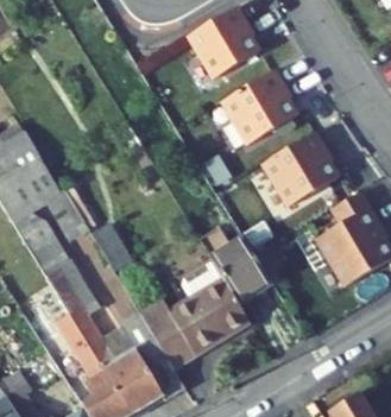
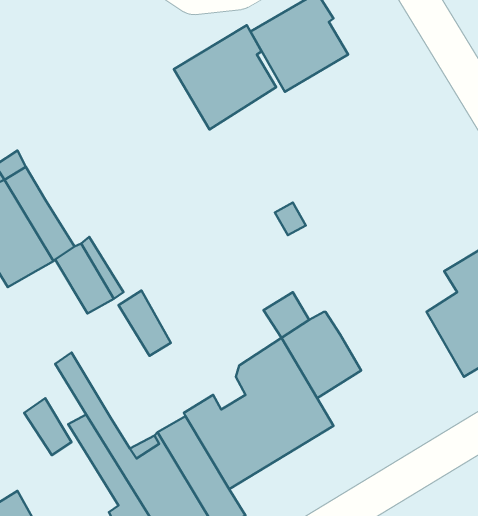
building: [222,69,297,145] -> [174,25,276,130]
building: [263,131,338,206] -> none
building: [12,211,97,316] -> none

